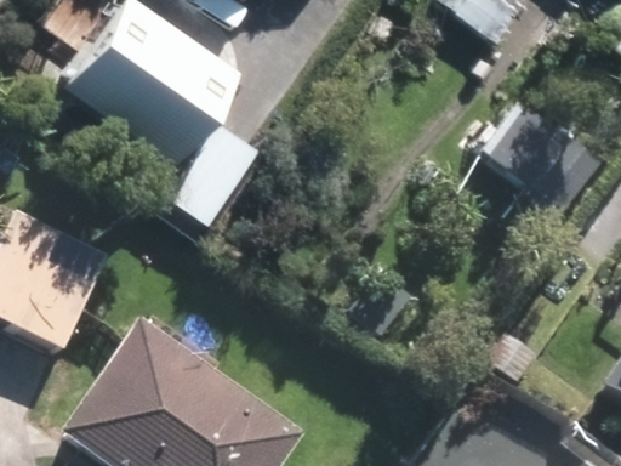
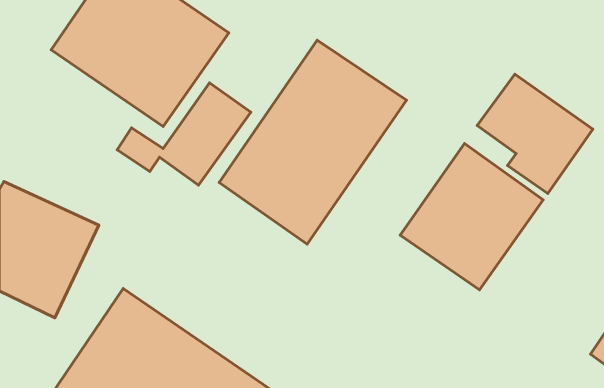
building: none -> [219,40,406,244]
building: none -> [400,144,543,290]

